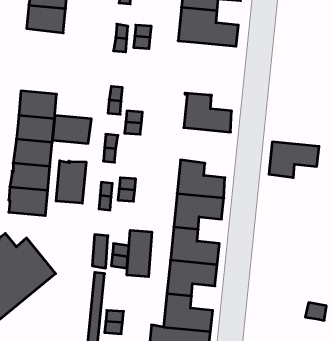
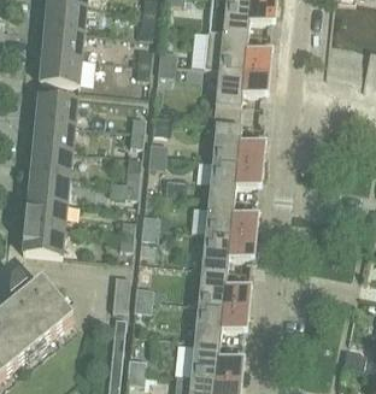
building: none -> [40,53,82,84]
building: none -> [213,67,269,125]
building: [52,116,91,143] -> [36,94,78,124]
building: [269,142,319,178] -> [208,160,263,199]
building: [56,161,86,203] -> none
building: [127,230,152,277] -> none

